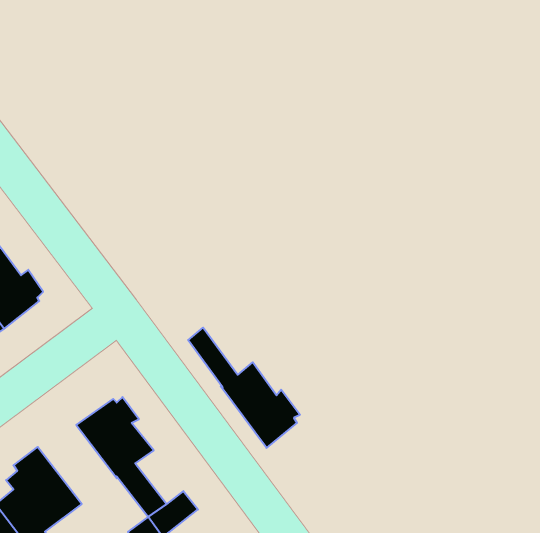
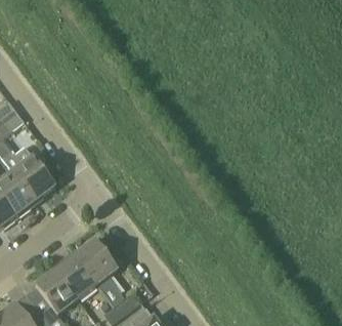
building: [188,328,300,448] -> none
building: none -> [53,255,97,299]

